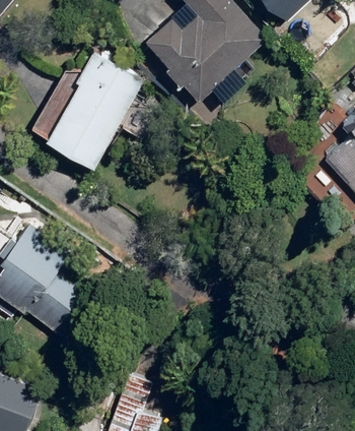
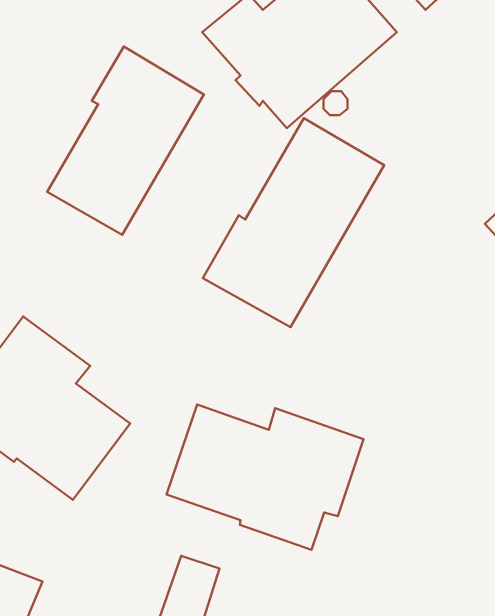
building: none -> [203,118,384,327]
building: none -> [167,404,364,550]

